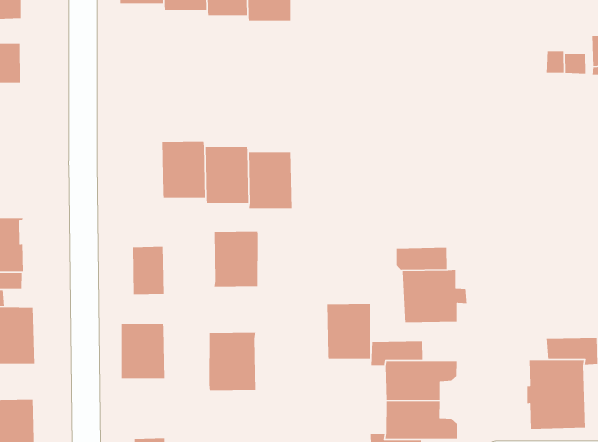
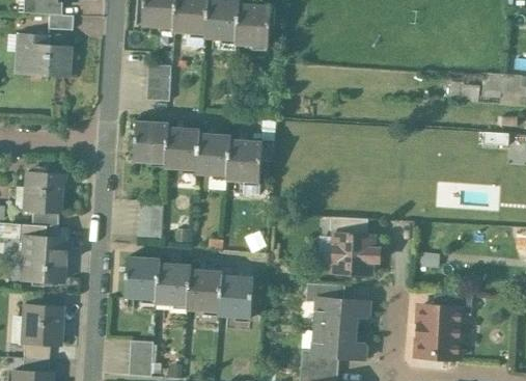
building: none -> [146,65,170,101]
building: none -> [134,120,168,164]
building: [214,231,258,287] -> [156,263,191,305]
building: [326,303,371,359] -> [222,275,256,318]

